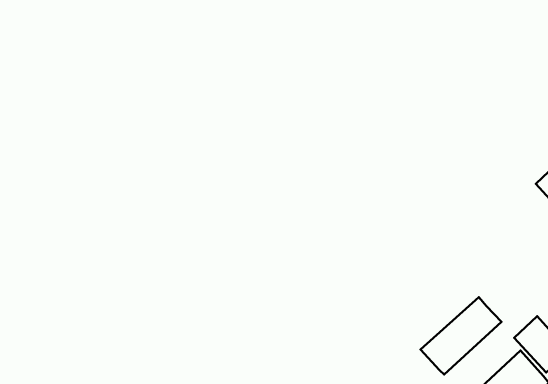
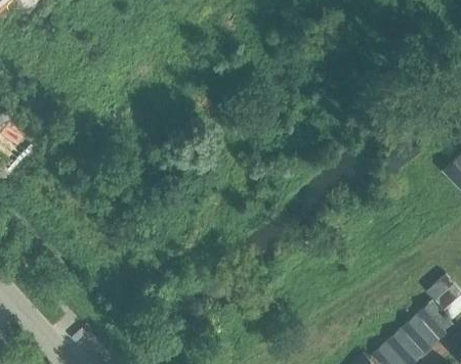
building: [420,297,502,375] -> none

